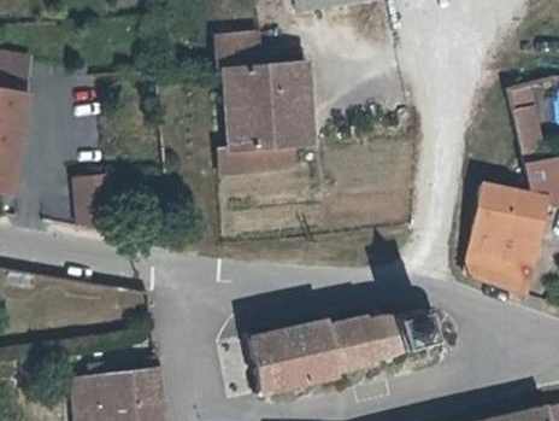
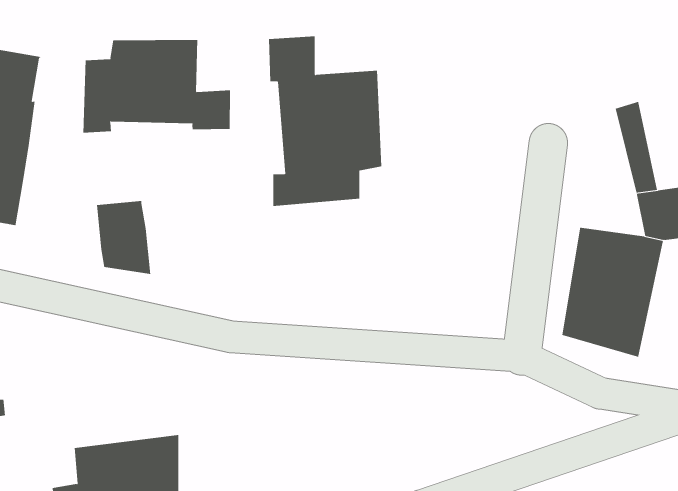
building: none -> [83,39,230,133]
building: [260,327,439,396] -> none

